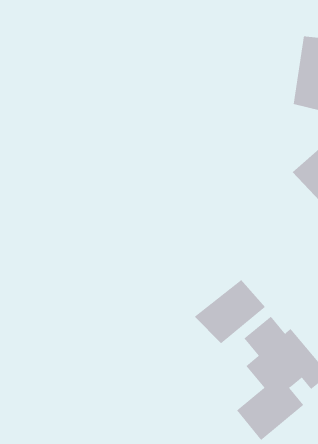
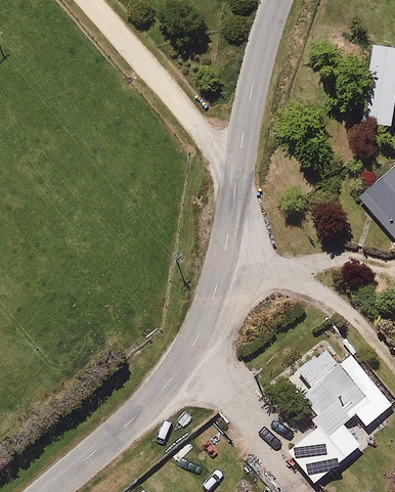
building: [194,279,266,344] -> none

